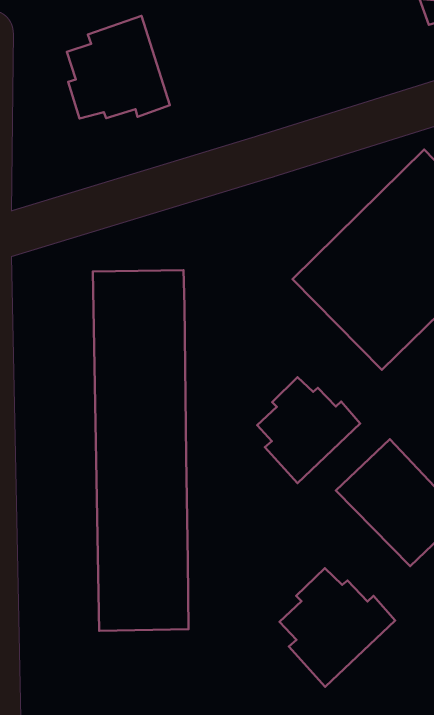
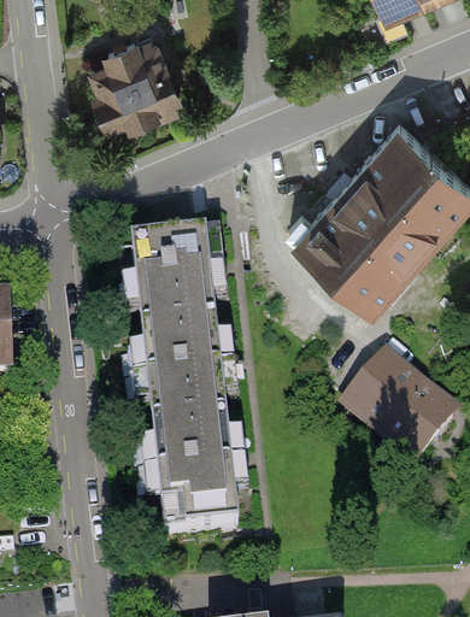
building: [257,377,360,483] -> none
building: [280,568,395,687] -> none

